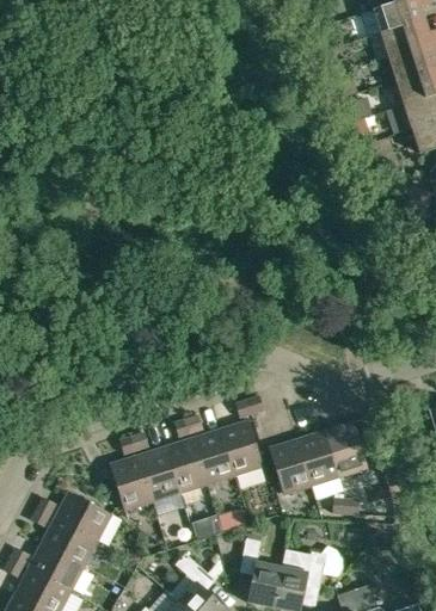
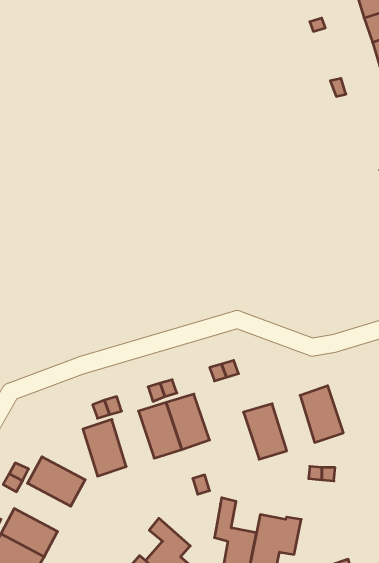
building: [220,419,263,474] -> none
building: [297,430,339,485] -> none
building: [139,445,180,500] -> none
building: [42,517,98,564] -> none

